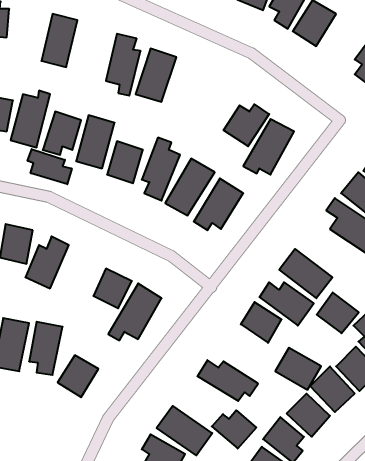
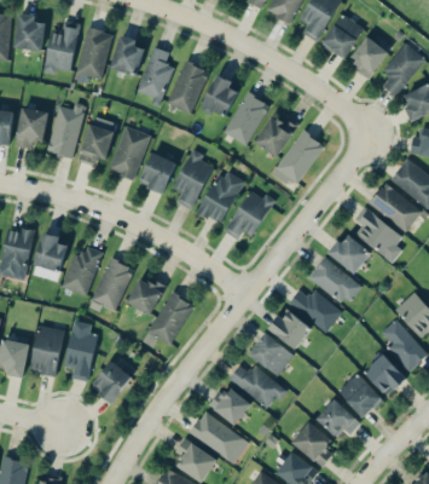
building: none -> [44,21,80,74]
building: none -> [350,38,387,76]
building: none -> [111,39,144,75]
building: none -> [202,75,240,116]
building: none -> [225,92,267,145]
building: [28,149,72,184] -> none
building: none -> [89,258,134,312]
building: [317,292,359,333] -> [330,234,371,273]
building: [275,348,321,390] -> [249,334,294,375]
building: [212,410,256,449] -> [208,388,251,426]

